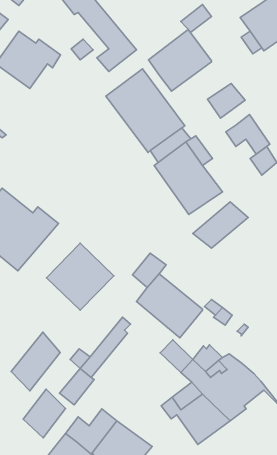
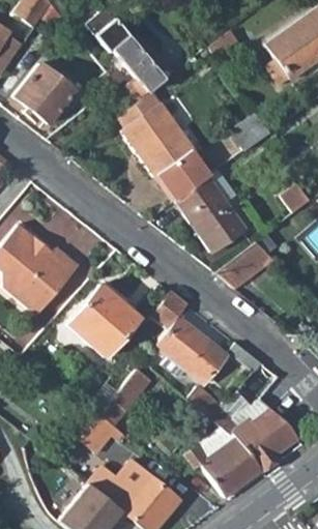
building: [148,30,212,91] -> none
building: [226,114,270,154] -> none
building: [11,332,60,391] -> none
building: [23,389,65,438] -> none

